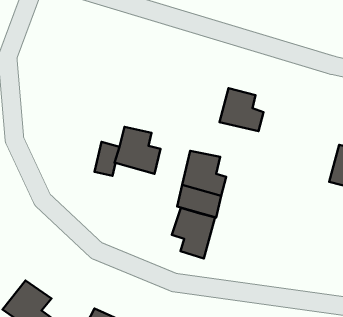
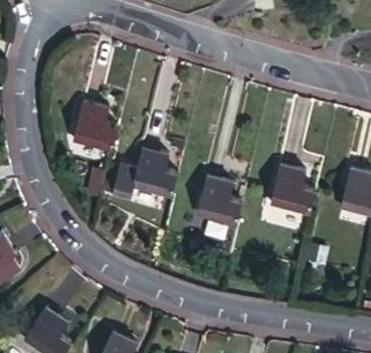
building: none -> [68,111,114,161]
building: [219,88,263,131] -> [273,158,318,201]
building: [172,208,215,259] -> none

